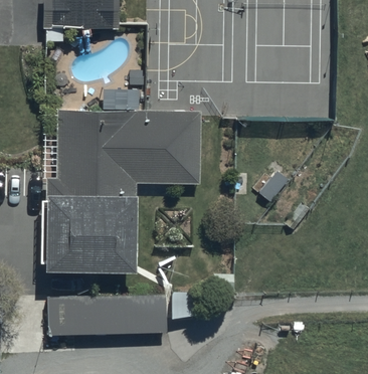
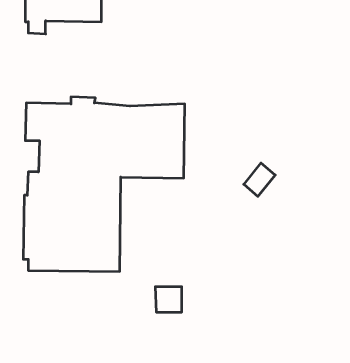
building: [48,294,167,334] -> none

